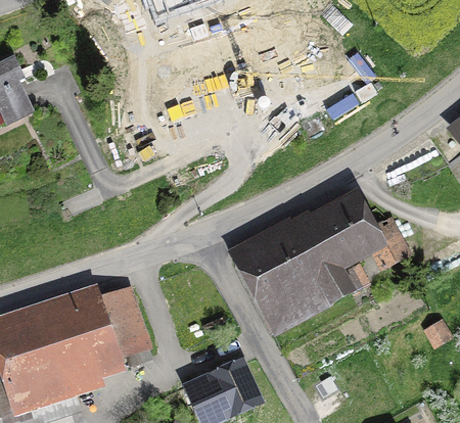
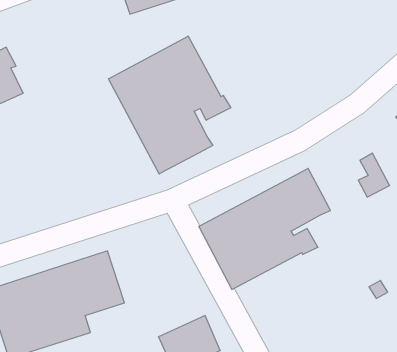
building: none -> [109,36,231,174]
building: [371,216,407,266] -> [358,153,390,197]

